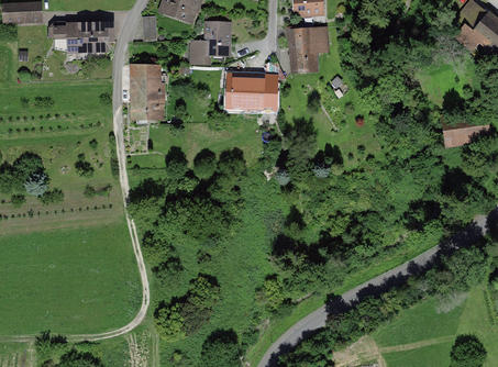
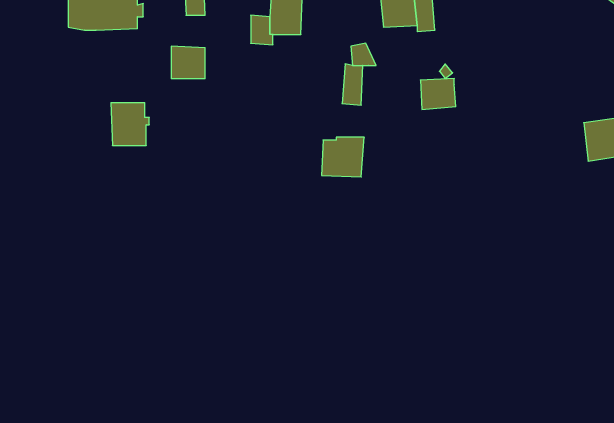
building: [291,48,318,71] -> [420,79,456,109]
building: [231,77,263,107] -> [322,137,364,177]
building: [133,88,162,120] -> [111,103,149,145]

